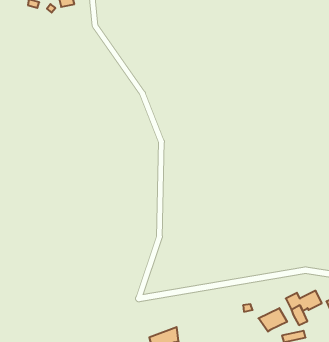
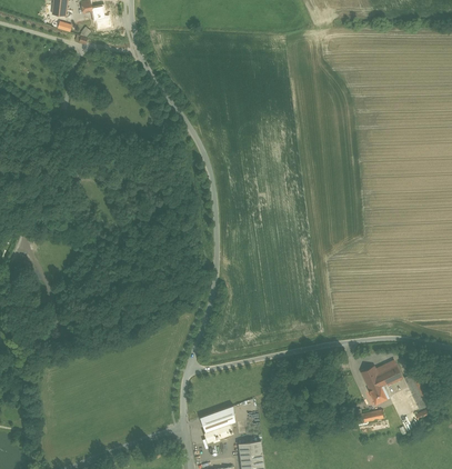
building: [258,308,287,332] -> none

